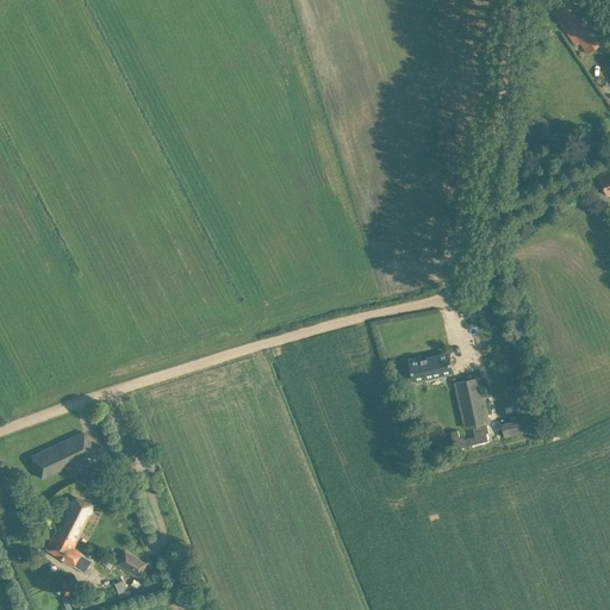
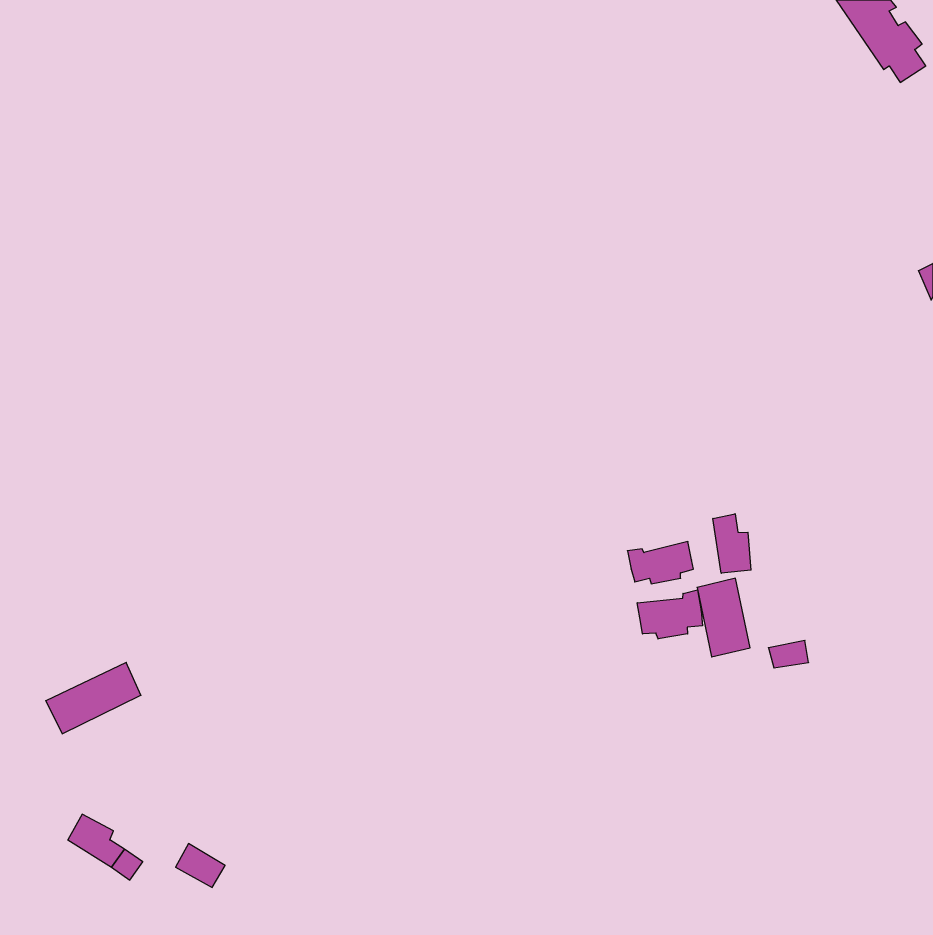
building: none -> [713,514,751,573]
building: none -> [637,590,702,639]
building: [54,500,89,541] -> none

